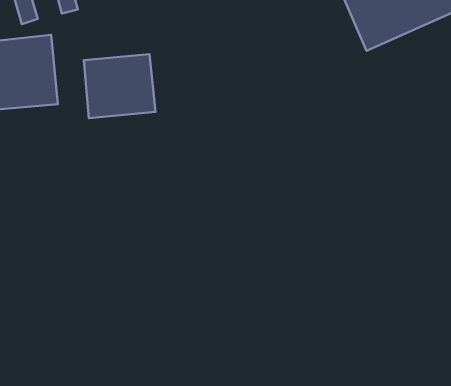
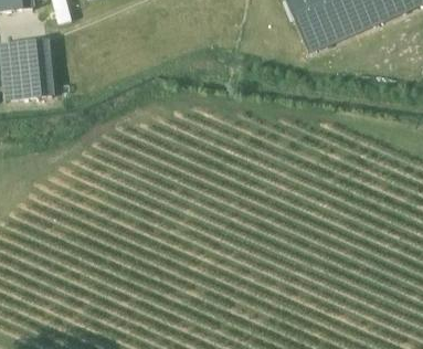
building: [84,54,155,118] -> none

